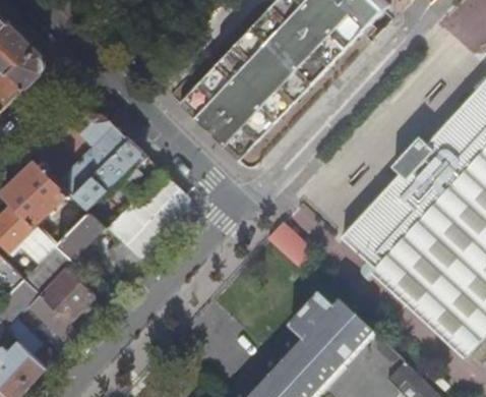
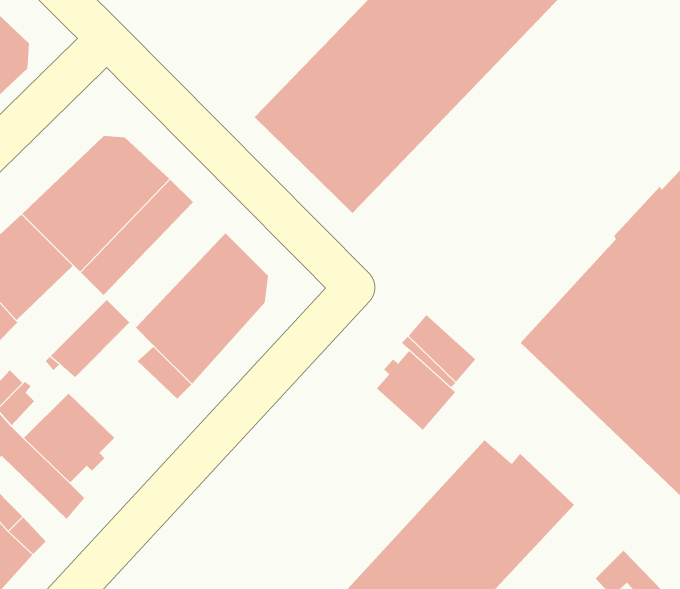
building: none -> [376,350,456,431]

